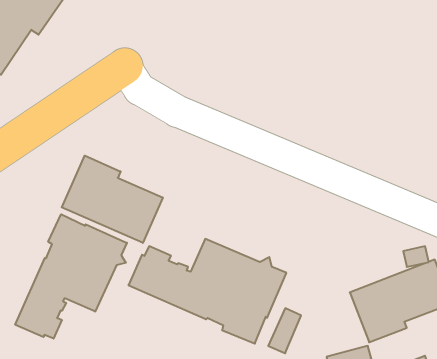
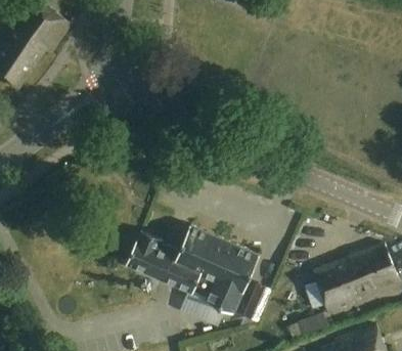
building: [62,156,163,243] -> none
building: [15,214,127,339] -> none

